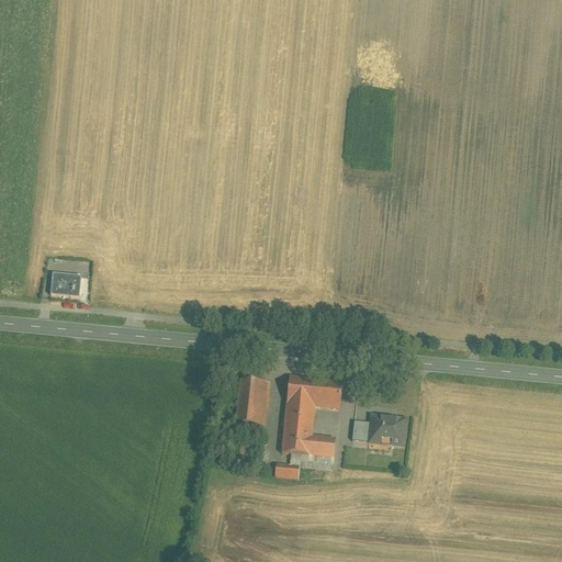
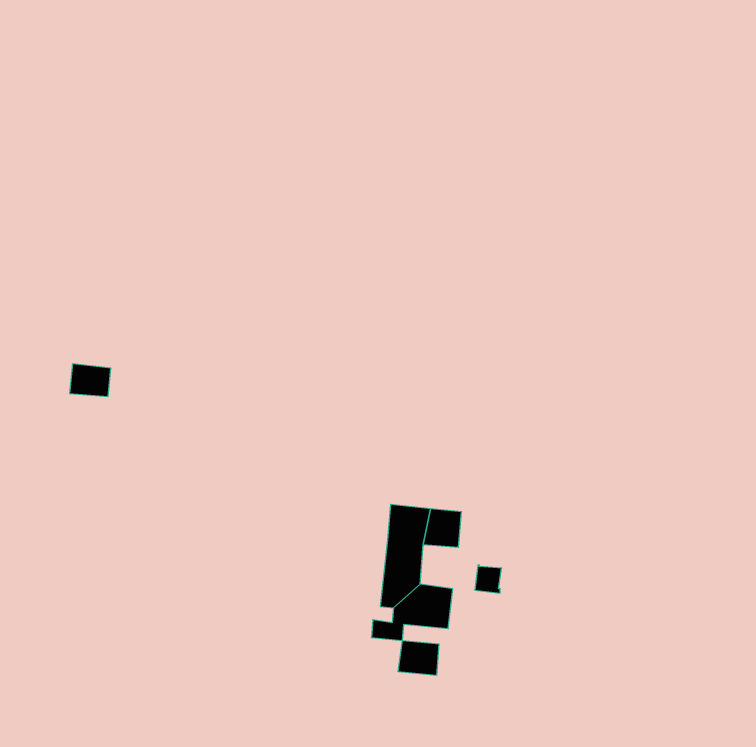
building: [236,378,262,423] -> none
building: [370,414,406,443] -> none
building: none -> [398,640,439,675]

